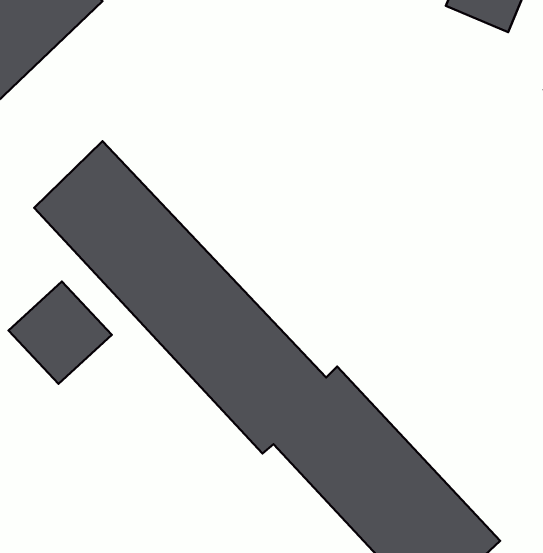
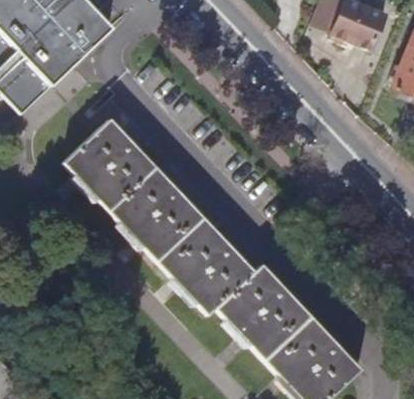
building: [8,281,112,384] -> none

